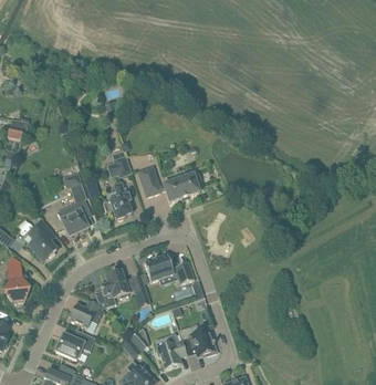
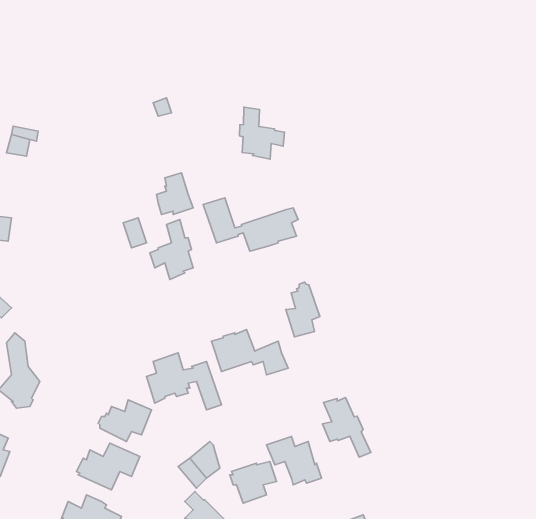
building: none -> [239,107,285,159]
building: [60,173,94,237] -> none
building: [28,220,55,261] -> none
building: none -> [286,282,320,337]
building: none -> [322,398,371,457]

